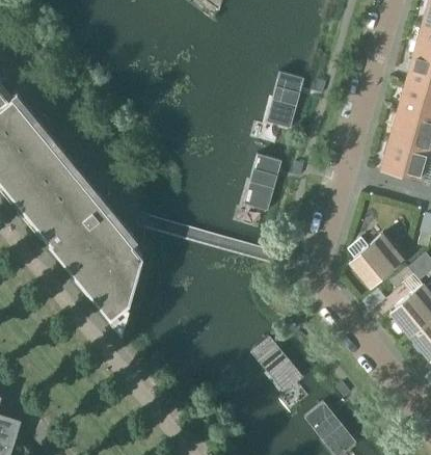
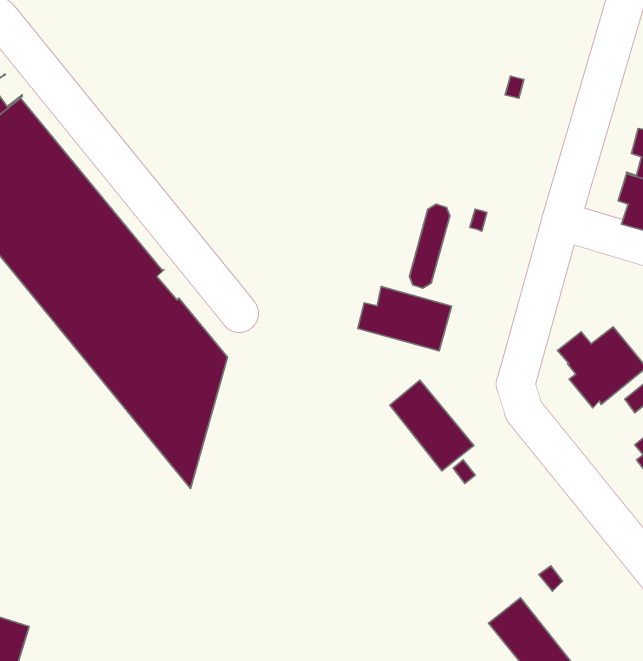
building: [266,72,303,128] -> none
building: none -> [358,286,451,351]
building: [250,336,302,392] -> [390,380,474,471]

